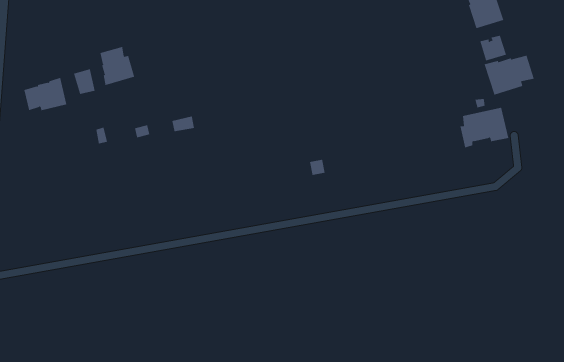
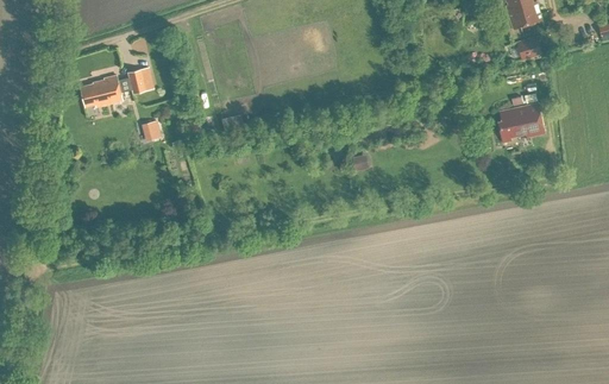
building: [100,46,135,86] -> none
building: [484,55,535,95] -> none

